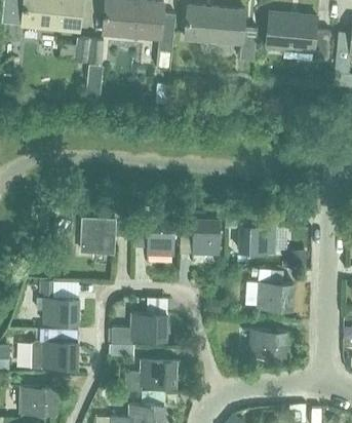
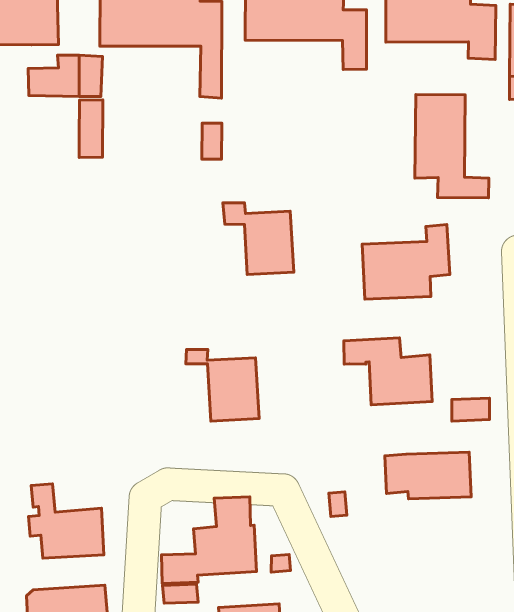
building: none -> [415,94,489,198]
building: none -> [362,225,450,299]
building: [82,205,131,256] -> none
building: [182,213,220,256] -> [223,203,294,274]
building: [249,331,285,359] -> none

